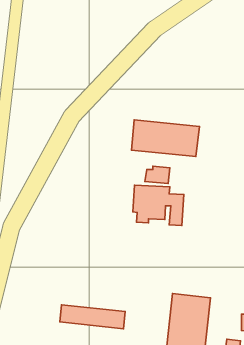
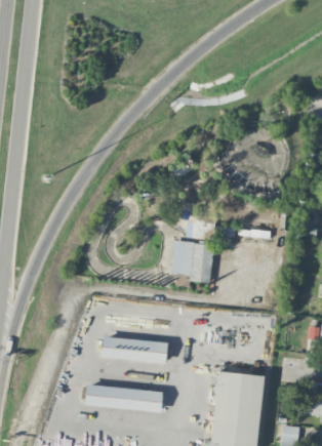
building: [132,120,200,157] -> none
building: none -> [103,337,168,362]

